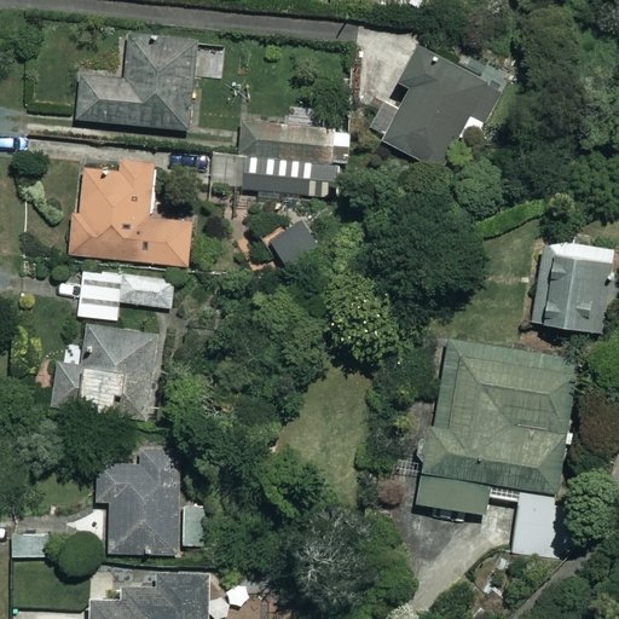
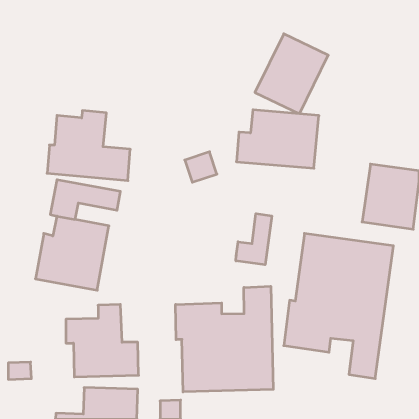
building: [76,34,193,131] -> none
building: [213,116,334,202] -> [236,110,319,168]
building: none -> [236,214,272,265]
building: none -> [176,286,273,392]

